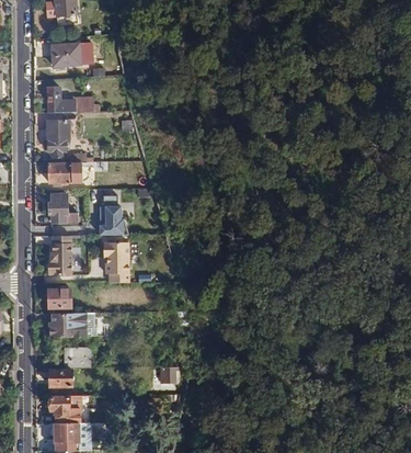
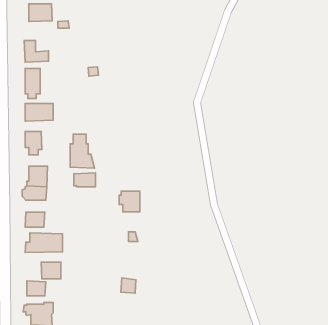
building: [106,260,130,284] -> [119,191,140,212]

